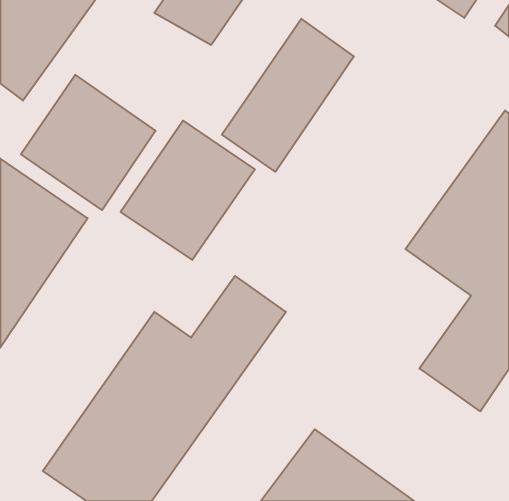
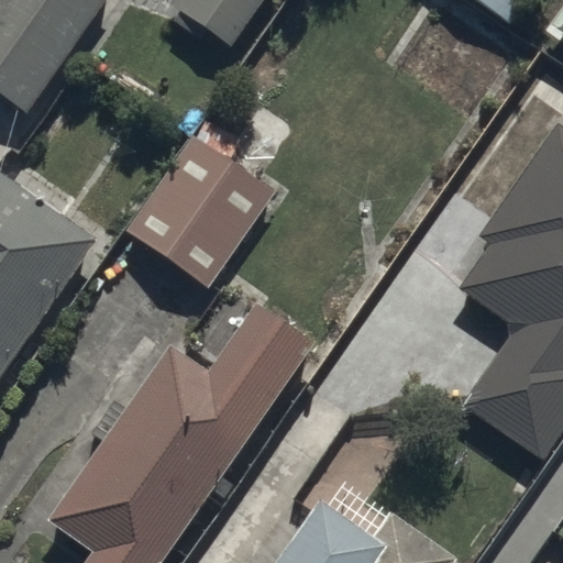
building: [222,19,354,172] -> none
building: [21,75,156,210] -> none

